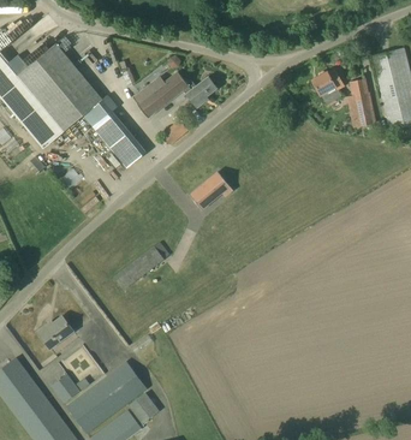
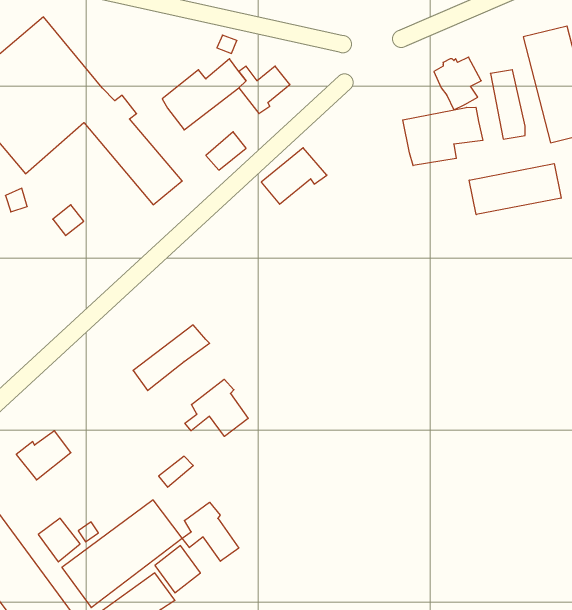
building: none -> [403,107,483,166]
building: none -> [469,164,561,215]
building: [190,172,233,209] -> [261,148,327,204]
building: none -> [185,379,248,436]
building: none -> [182,502,239,561]

